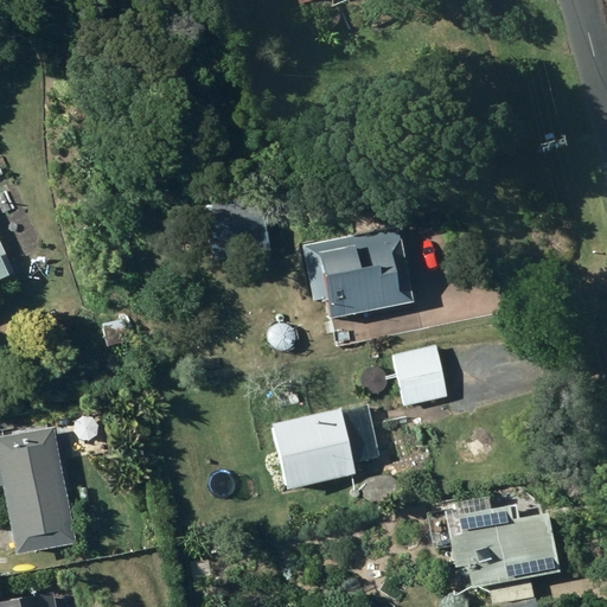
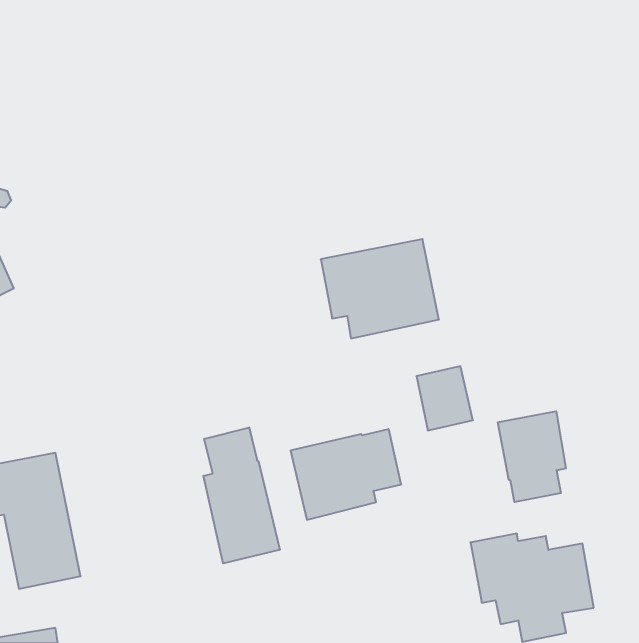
building: none -> [498,411,566,502]
building: none -> [203,427,280,563]

